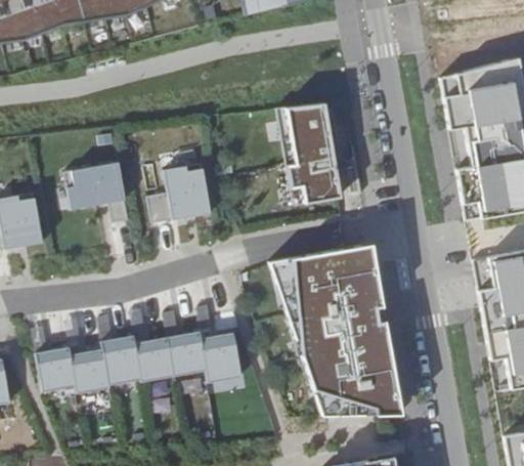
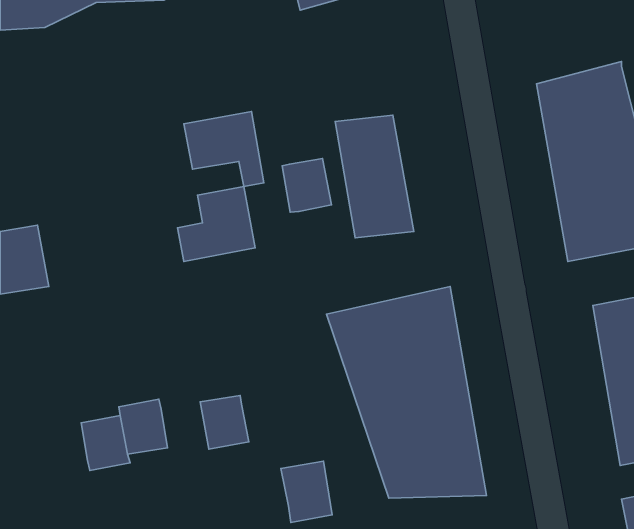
building: none -> [282,159,331,212]
building: [64,162,130,223] -> [184,111,264,187]
building: [202,333,244,383] -> [281,461,332,522]
building: [136,337,175,382] -> none
building: [36,347,76,391] -> none

